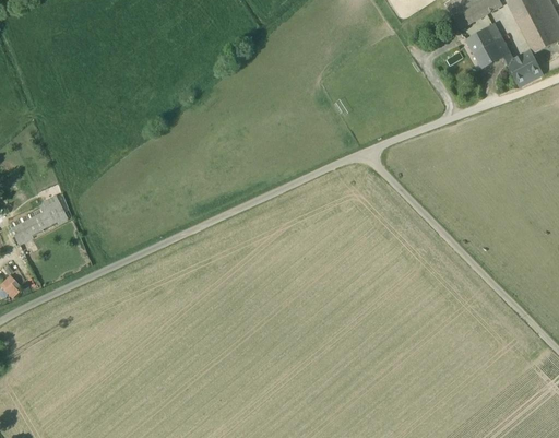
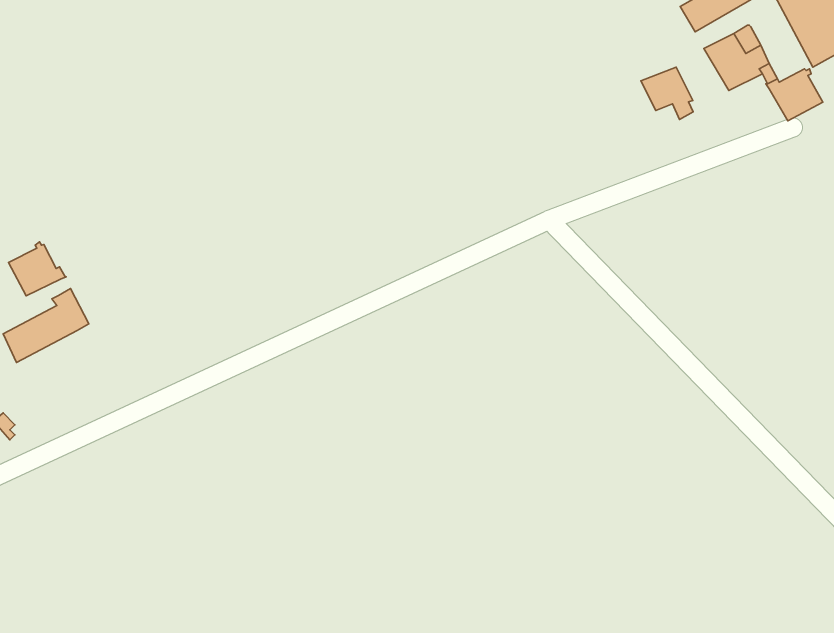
building: none -> [641,67,693,119]
building: none -> [8,242,66,296]

